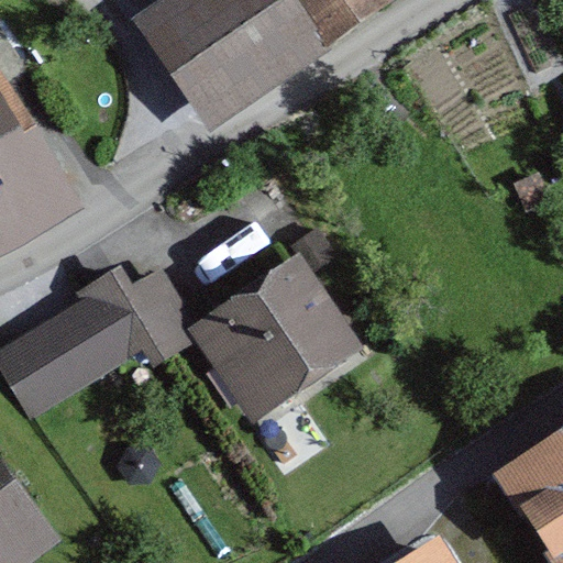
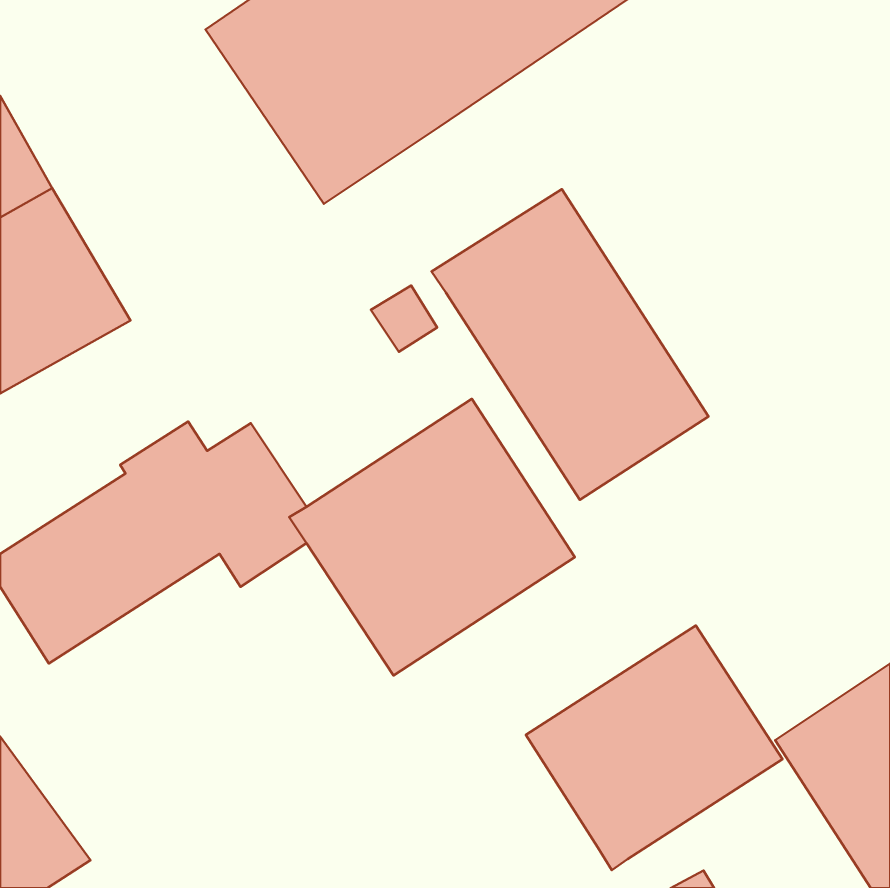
building: none -> [431,189,708,500]
building: none -> [526,625,783,870]

